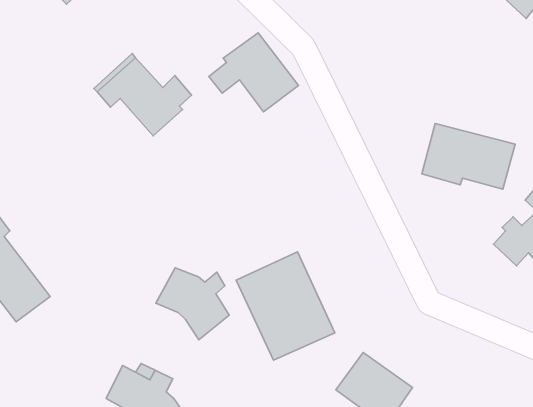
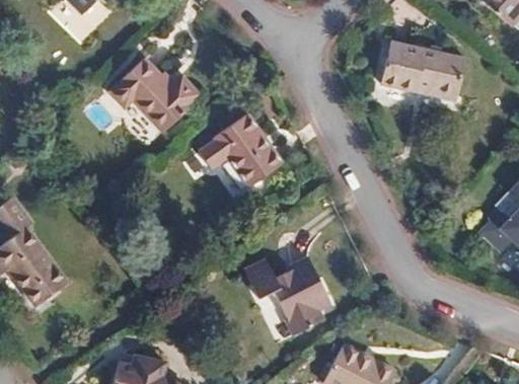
building: [209,33,299,112] -> [200,112,283,185]
building: [422,123,515,189] -> [378,41,464,101]
building: [156,268,229,340] -> none

